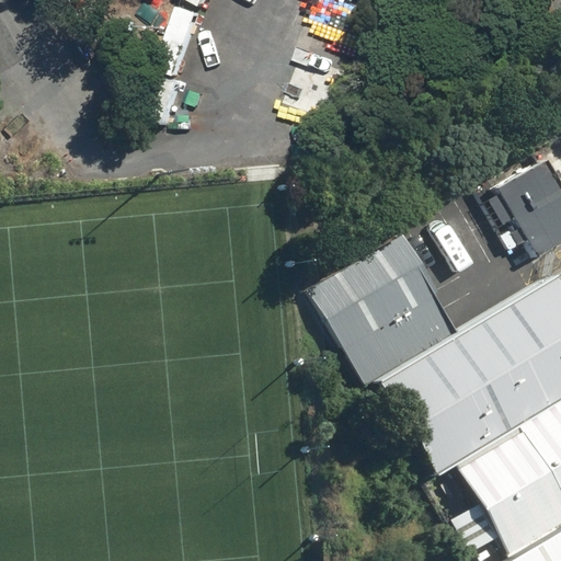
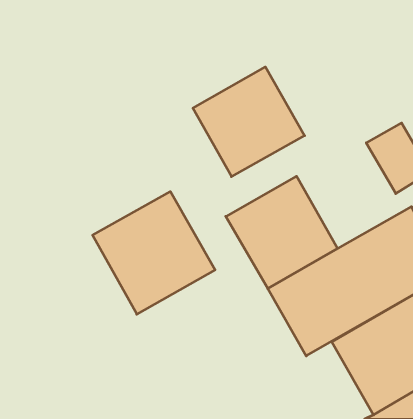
building: none -> [193,67,305,177]
building: none -> [93,192,215,314]

